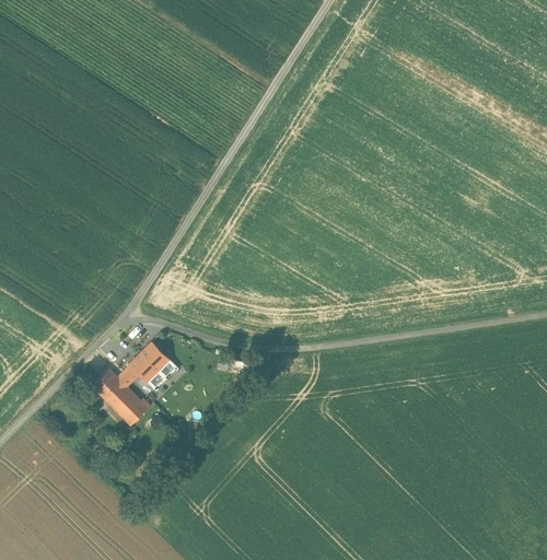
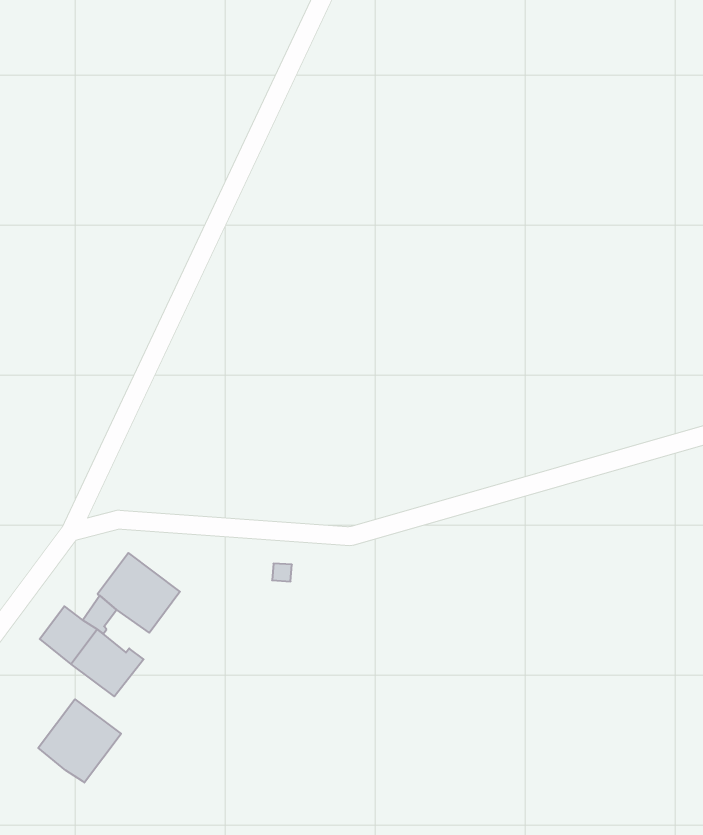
building: none -> [38,699,121,783]

